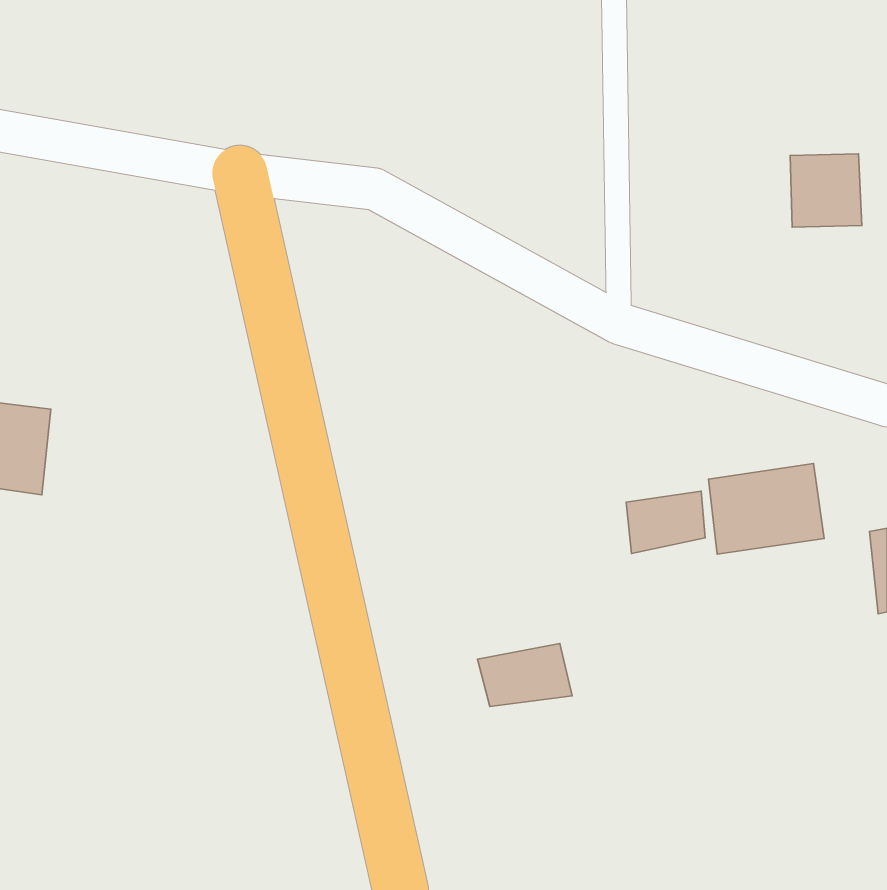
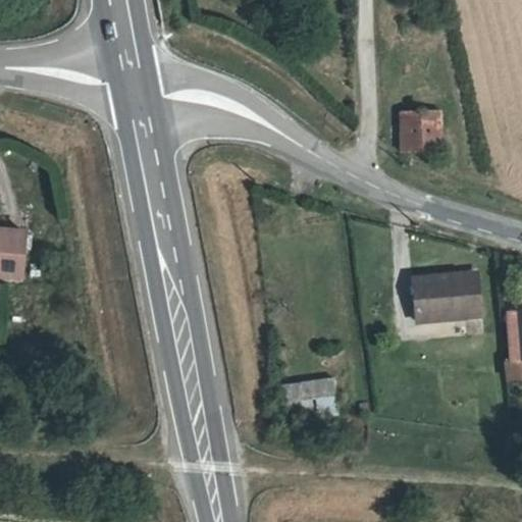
building: [790,154,862,227] -> [399,107,440,150]
building: [626,491,705,554] -> none

